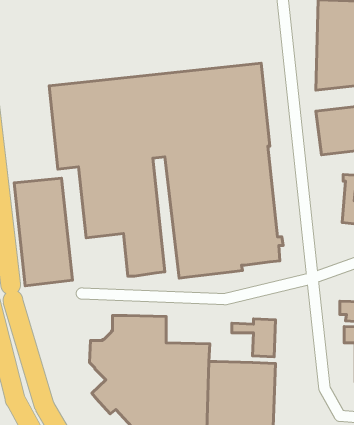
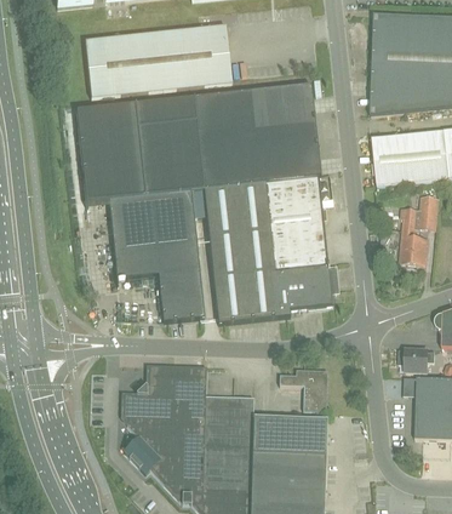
building: none -> [85,24,233,97]
building: [14,178,73,286] -> none

